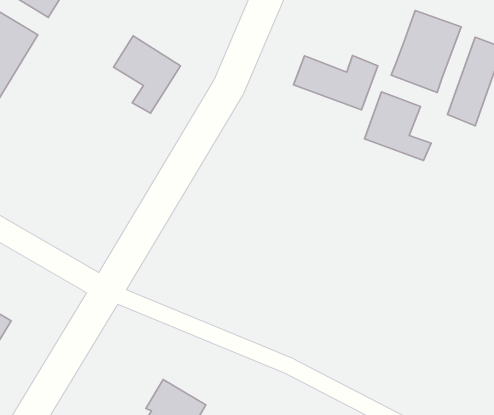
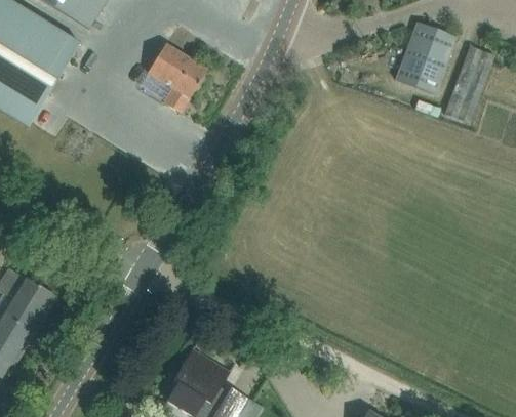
building: [294,56,378,110] -> none
building: [364,92,431,160] -> none

